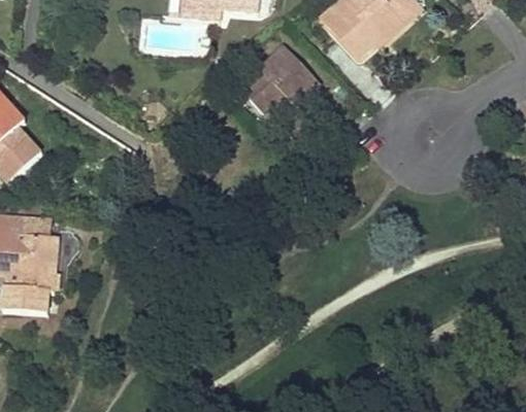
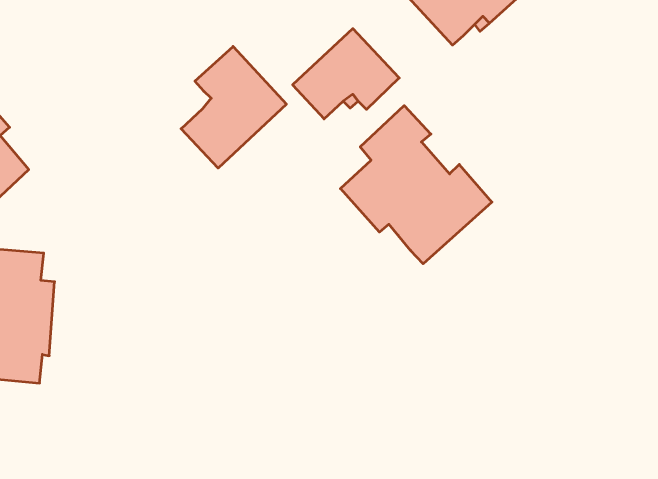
building: none -> [181,46,286,168]
building: none -> [340,106,492,264]

